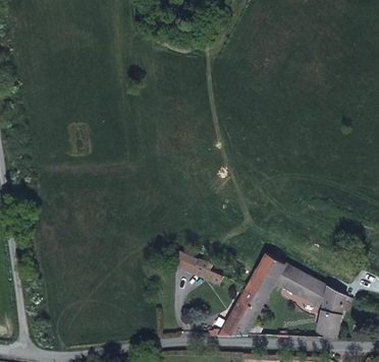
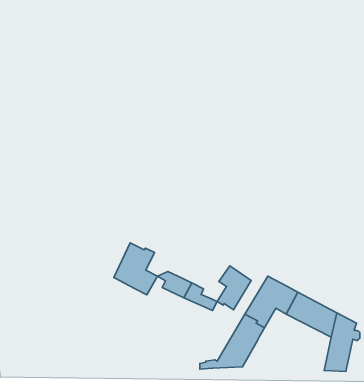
building: none -> [114,243,157,295]
building: none -> [217,266,251,310]

